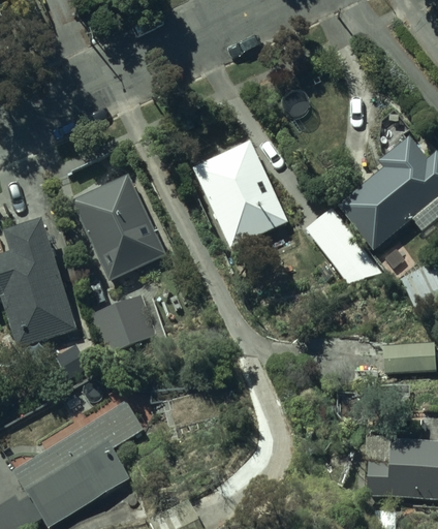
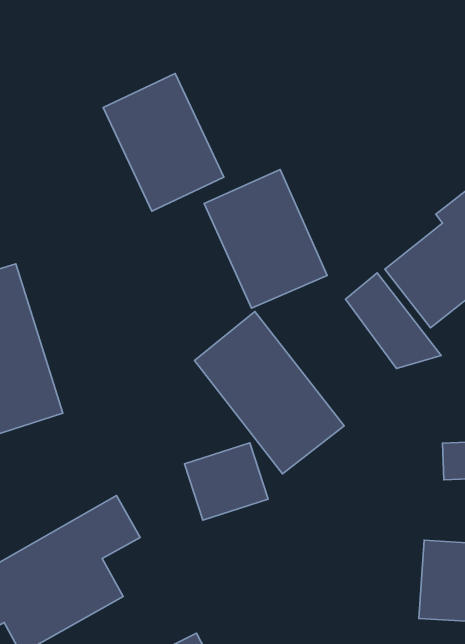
building: [71,173,166,281] -> [103,74,224,211]
building: none -> [194,311,344,474]
building: [89,293,155,354] -> [184,443,268,520]

